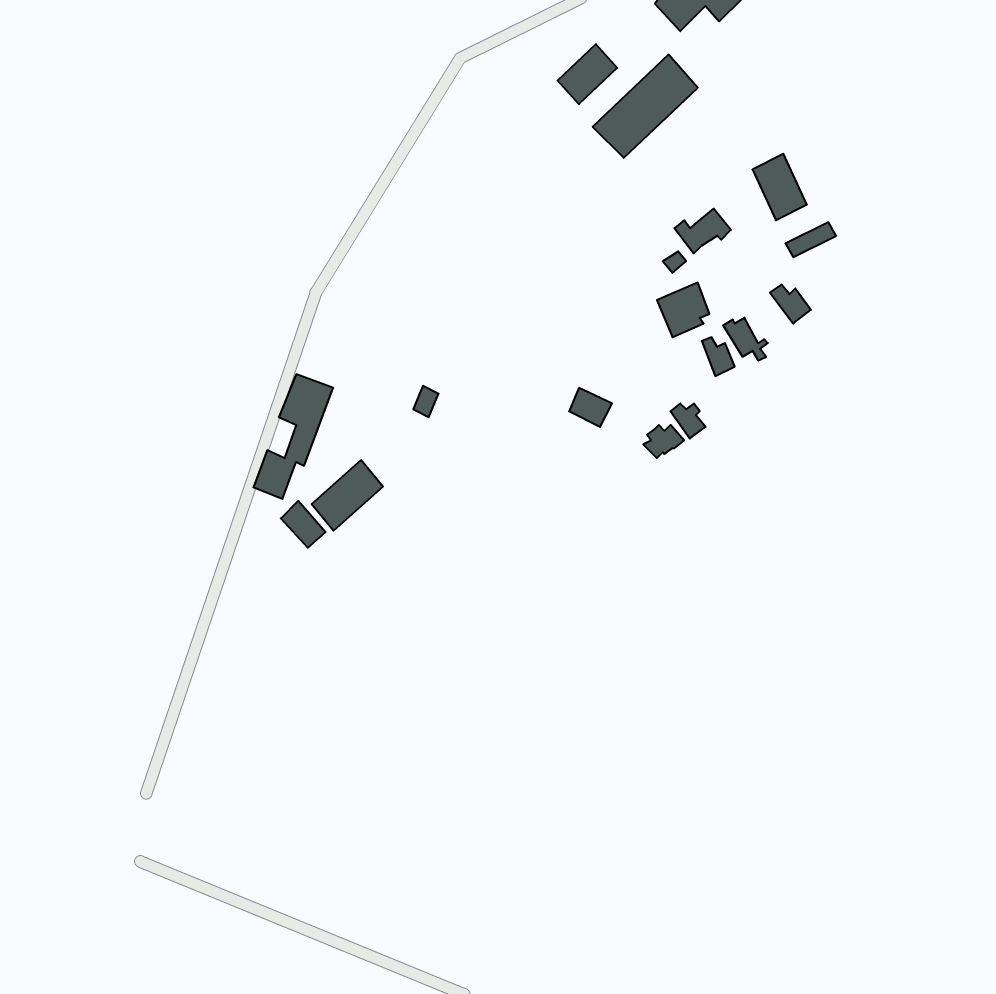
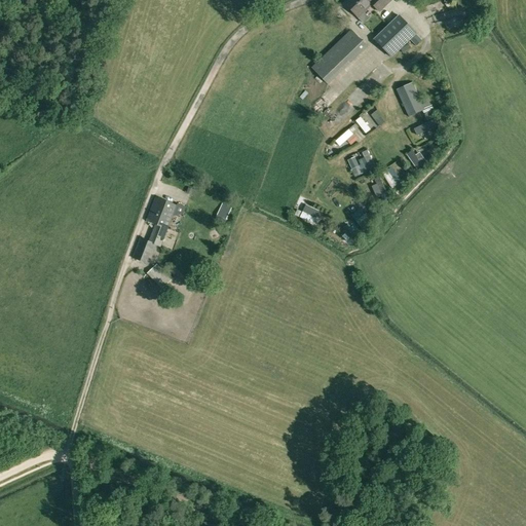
building: none -> [374,13,422,58]
building: [558,44,617,104] -> none
building: [312,460,383,531] -> none

